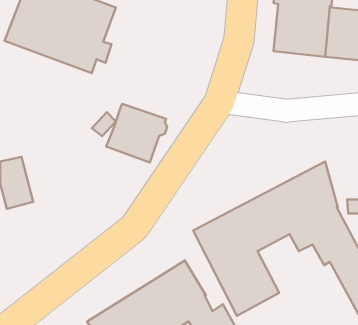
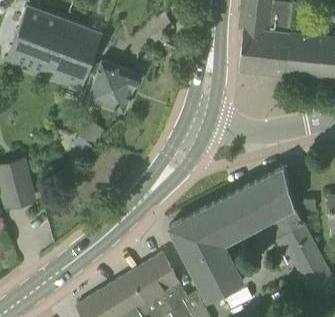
building: [106,104,167,162] -> [86,60,139,111]

